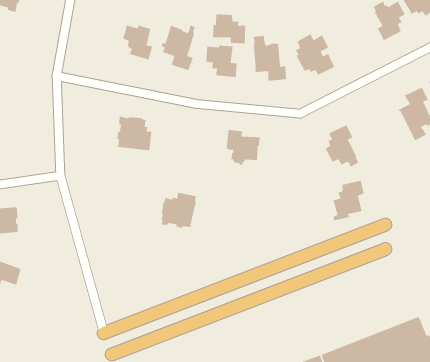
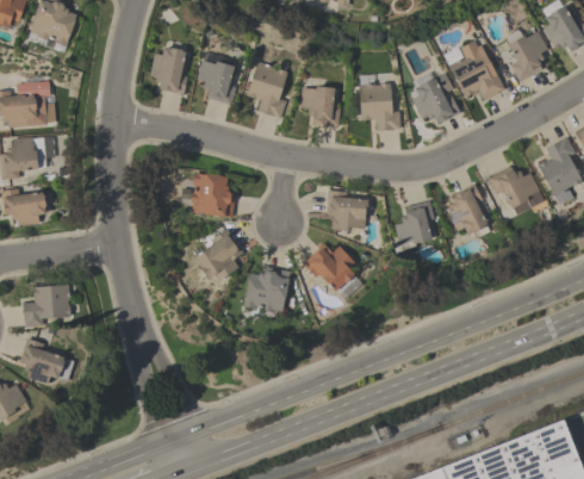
building: none -> [445,41,505,100]
building: none -> [150,46,187,94]
building: [212,13,246,44] -> none
building: none -> [487,166,543,214]
building: none -> [194,229,243,281]
building: none -> [303,243,362,299]
building: [333,180,365,221] -> [394,200,434,251]

